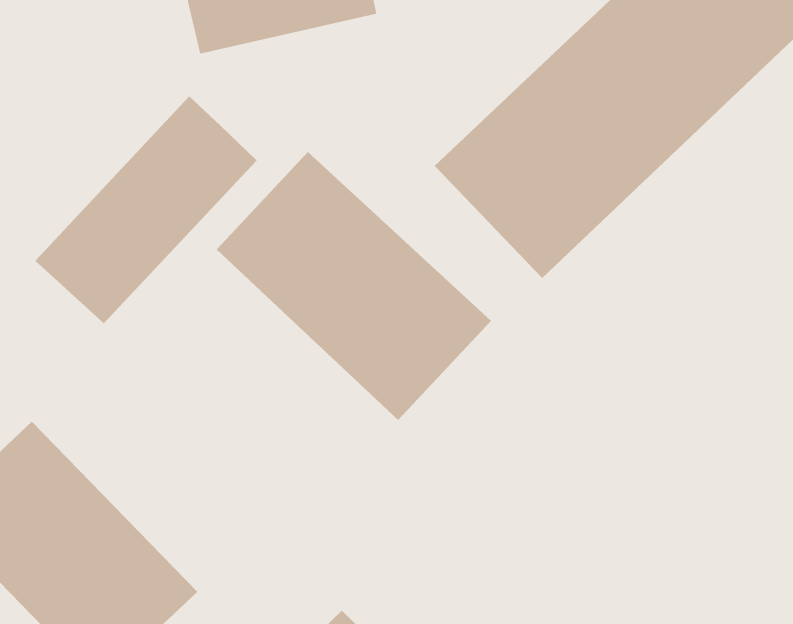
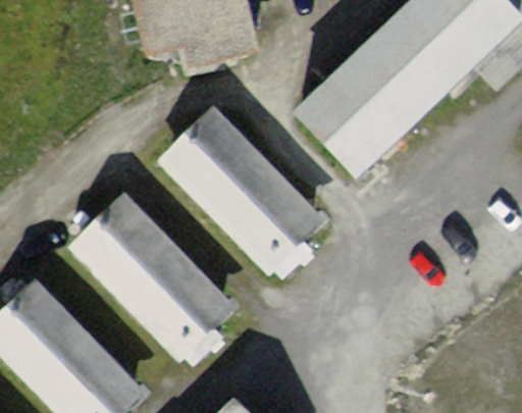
building: [34,95,258,324] -> none
building: none -> [69,194,228,351]

